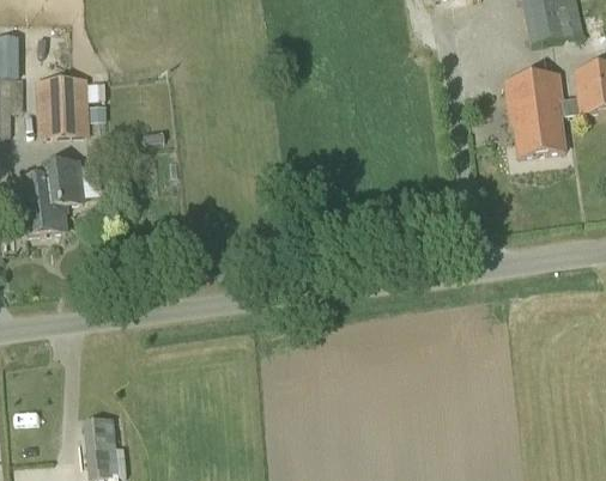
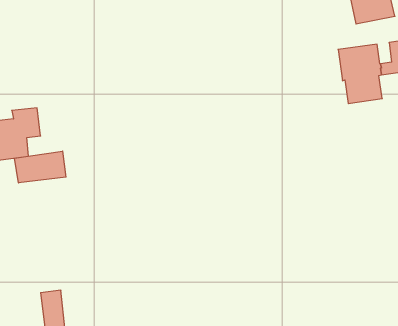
building: [35,77,89,135] -> none
building: none -> [15,151,66,183]

